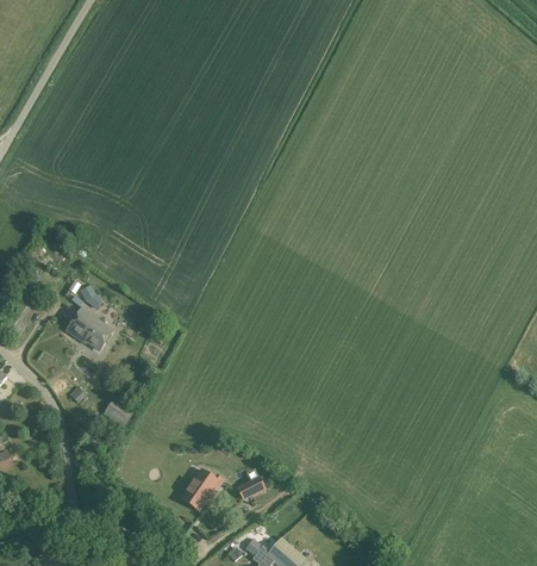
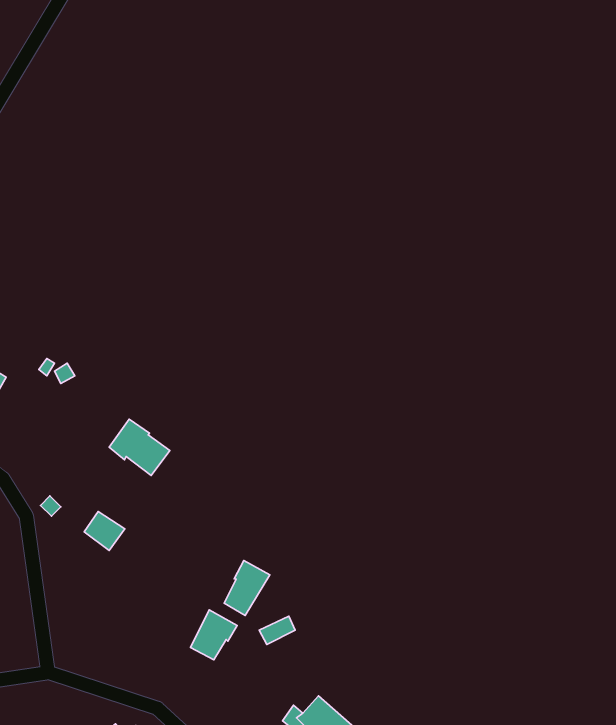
building: [67,307,113,350] -> [109,419,170,475]
building: none -> [224,560,270,616]

